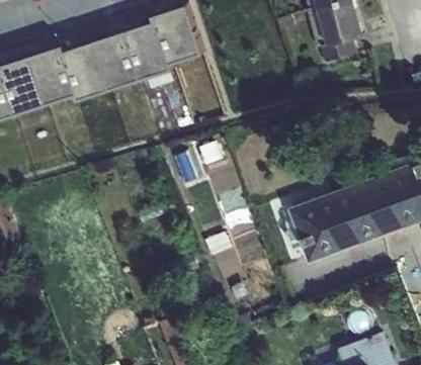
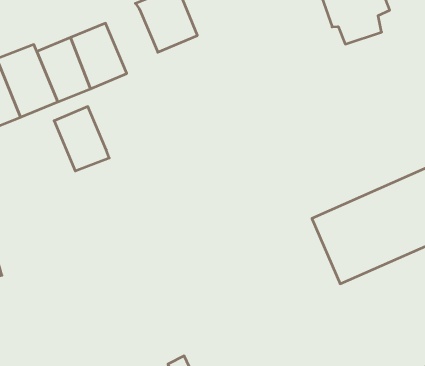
building: [124,21,169,75] -> [54,107,109,171]

